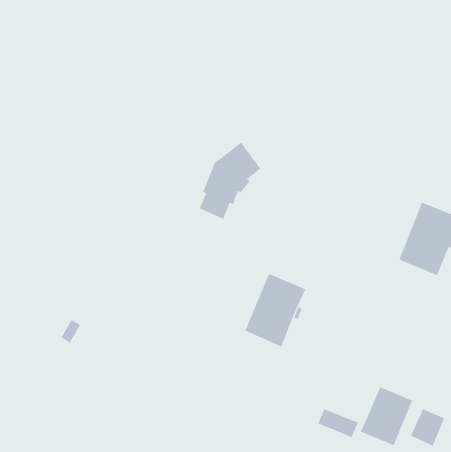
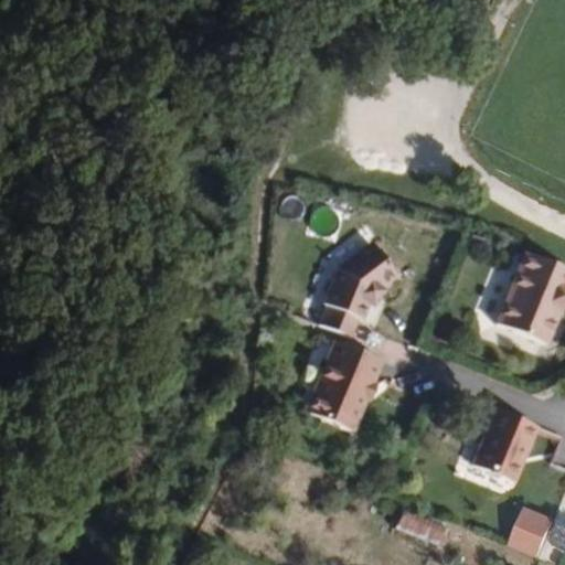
building: [199,142,261,219] -> [321,241,398,337]
building: [360,386,413,446] -> [475,407,540,481]

